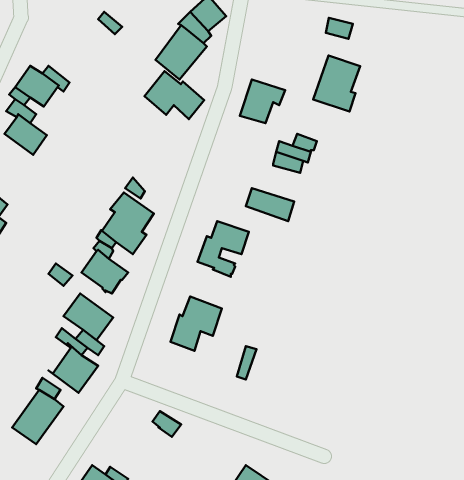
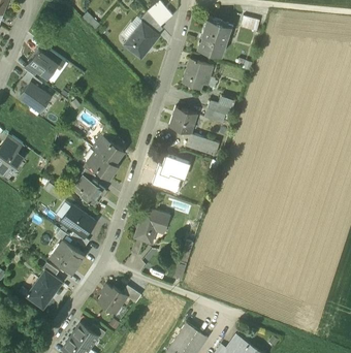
building: [313,56,360,111] -> [196,19,228,57]
building: [145,71,204,119] -> none
building: none -> [169,107,197,134]
building: none -> [98,287,127,313]

